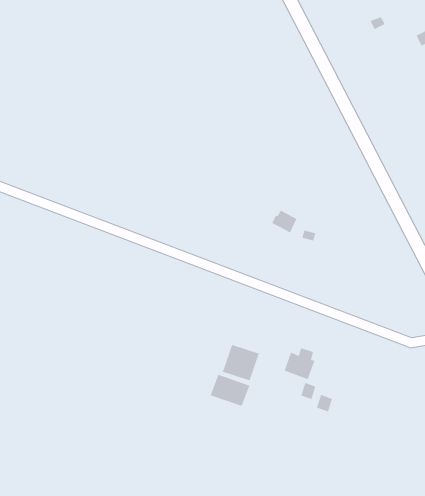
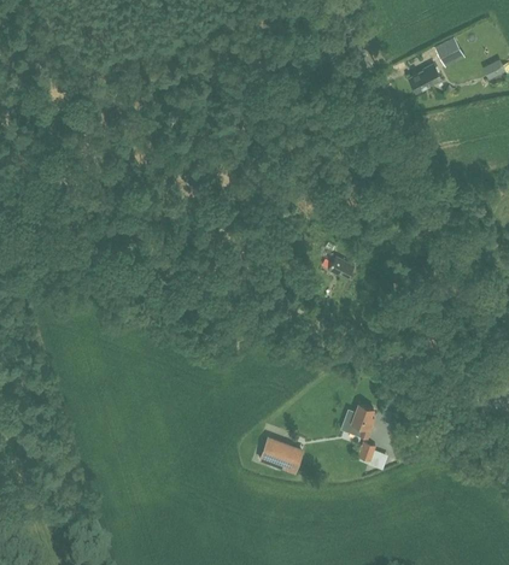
building: none -> [408,63,443,93]
building: [222,344,259,381] -> none

